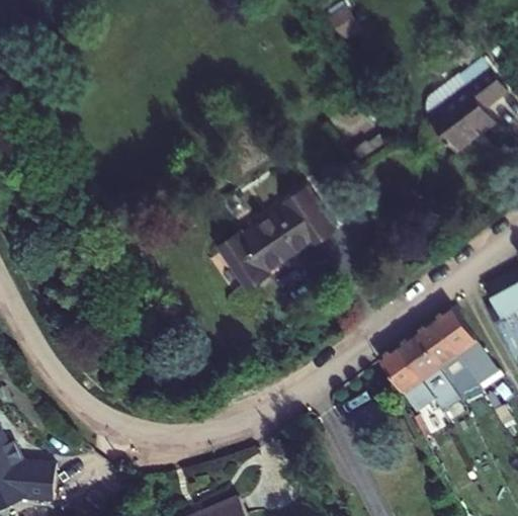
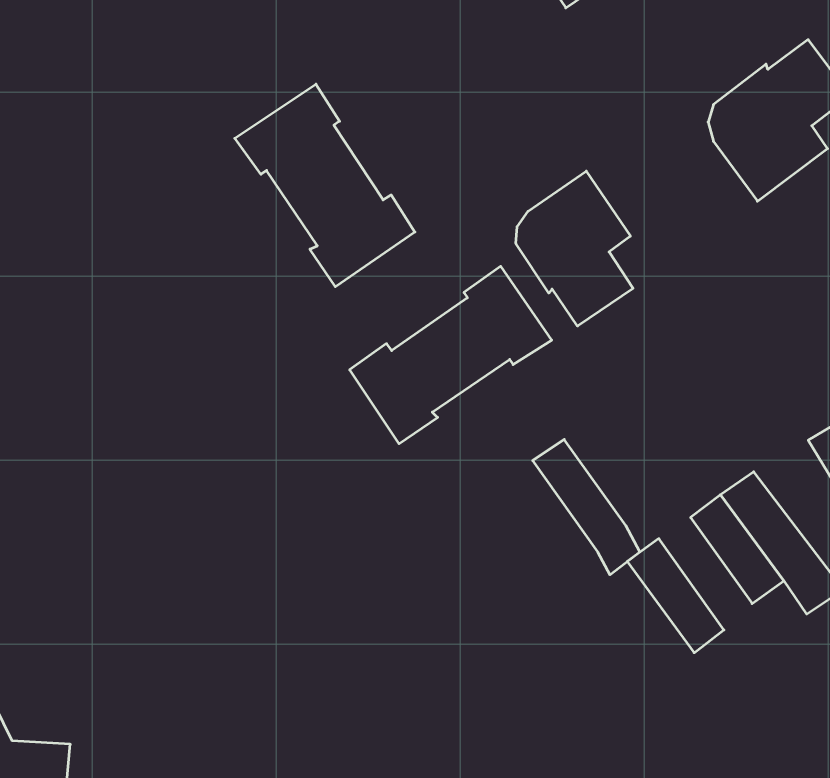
building: none -> [235,84,415,287]
building: none -> [516,171,633,326]
building: [397,334,458,412] -> [533,439,640,575]

